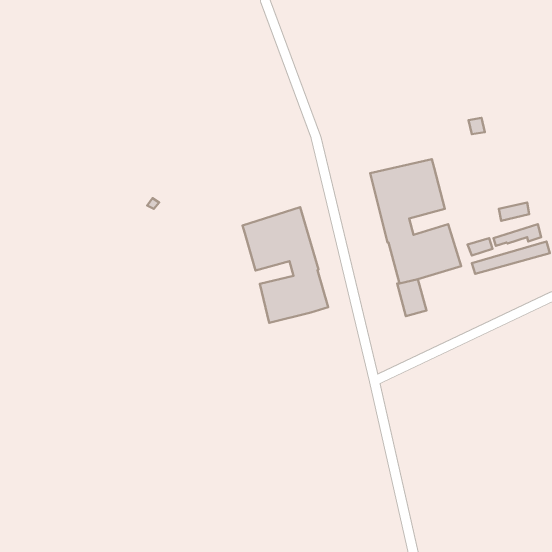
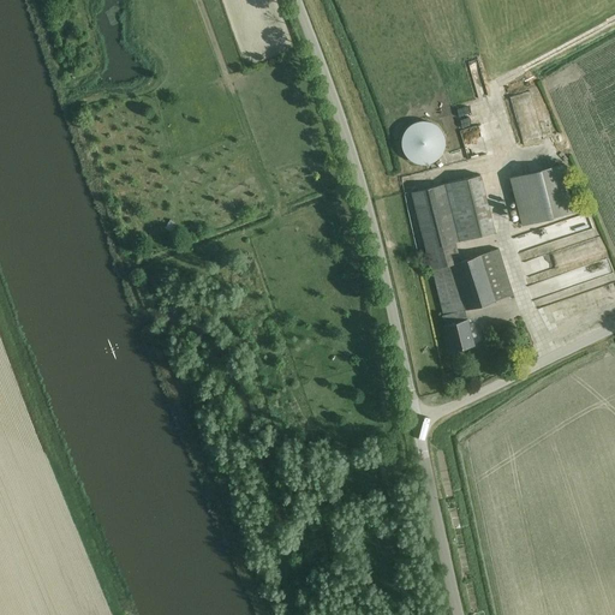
building: none -> [401,123,444,166]
building: none -> [510,166,571,226]
building: [243,207,328,323] -> none

